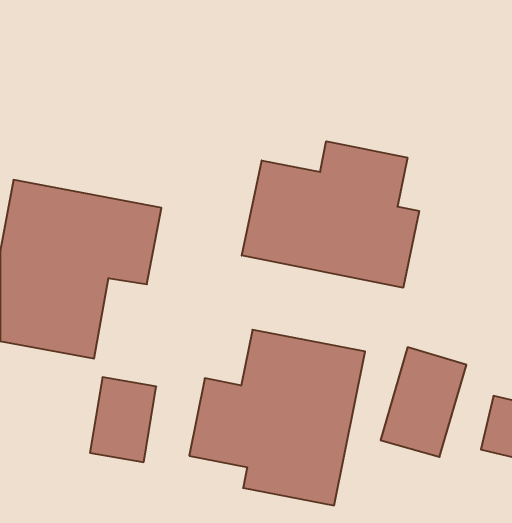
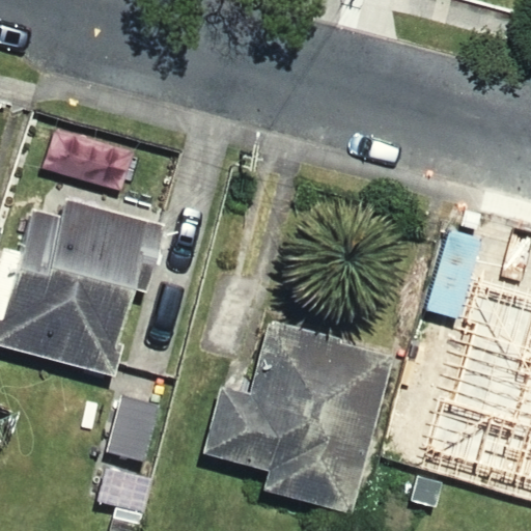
building: [242,141,419,288] -> none

